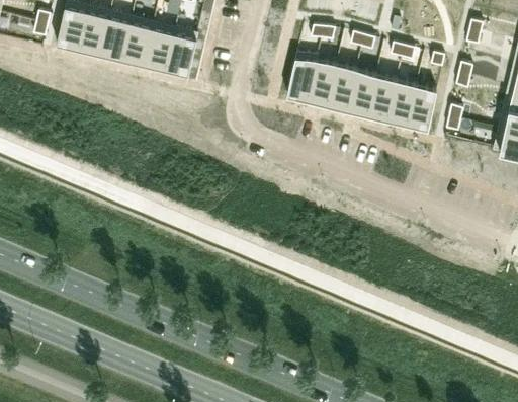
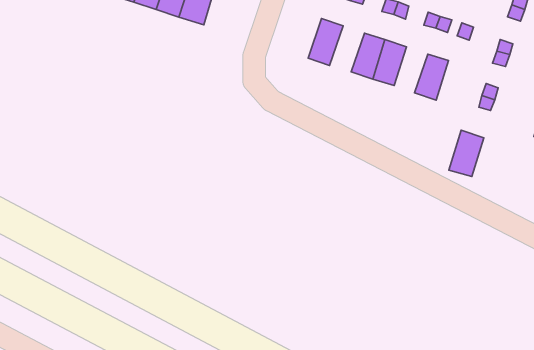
building: [308,64,337,105] -> none
building: [368,78,397,119] -> none
building: [408,87,437,129] -> [449,130,484,177]

